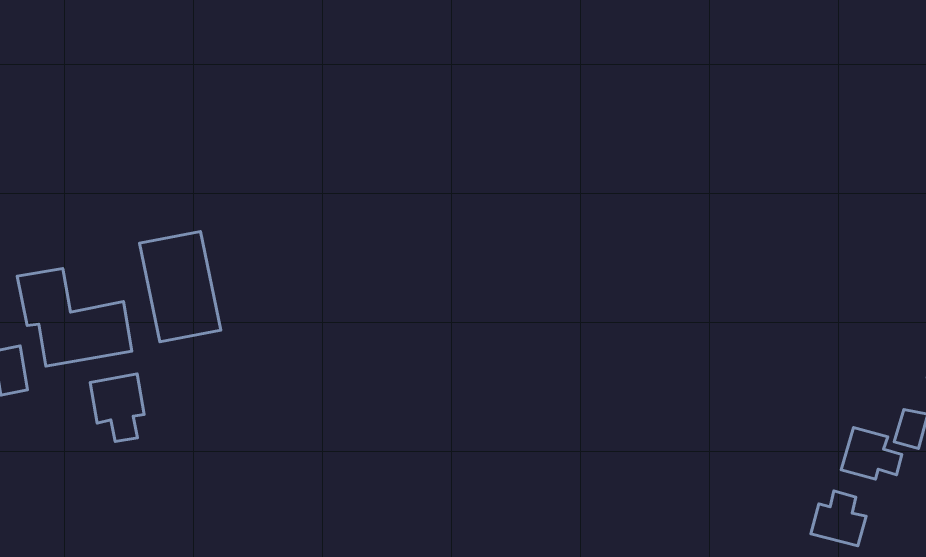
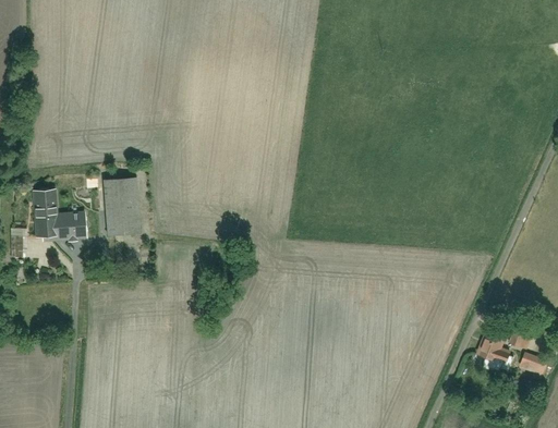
building: [90,374,144,442] -> none
building: [811,491,866,546] -> none

